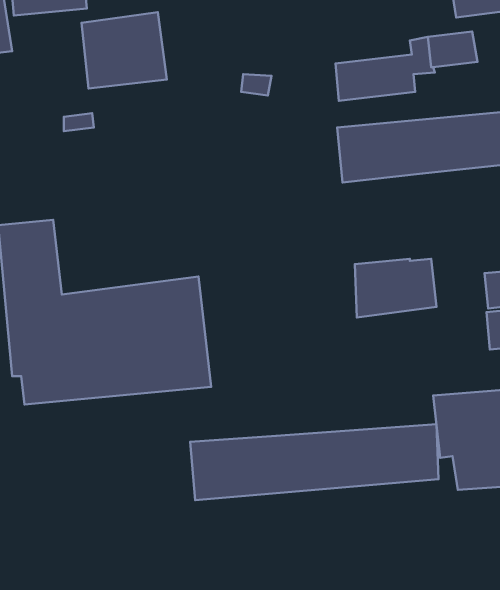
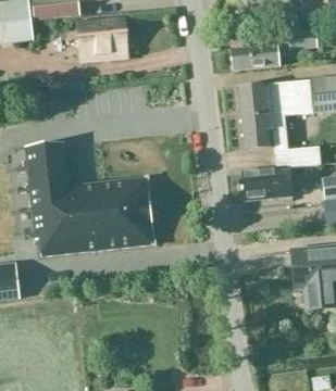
building: none -> [235,114,320,167]
building: [190,424,439,500] -> none

